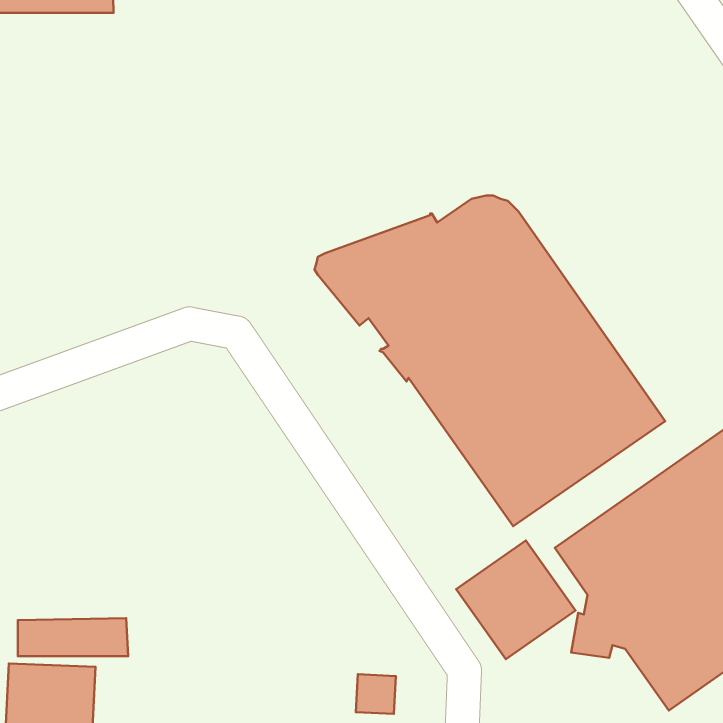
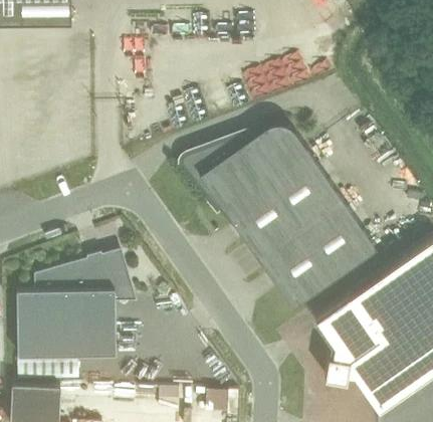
building: none -> [16,254,133,358]
building: [456,541,575,659] -> none

